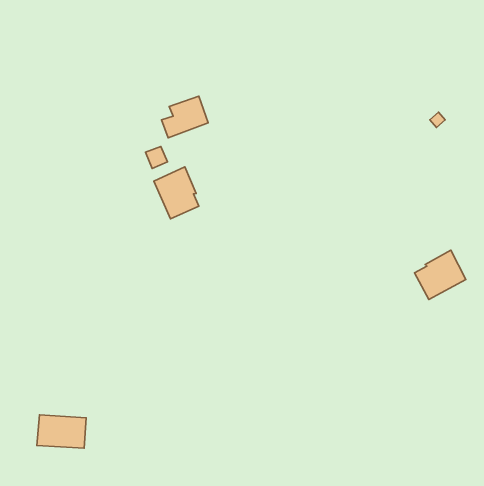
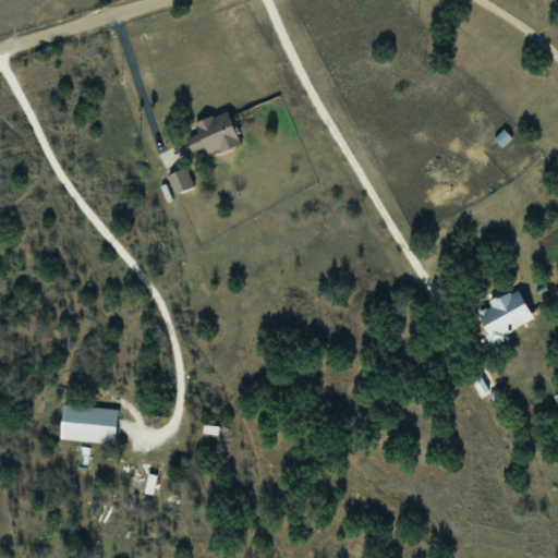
building: [154,167,199,219] -> none
building: [37,415,86,448] -> [60,405,117,444]

